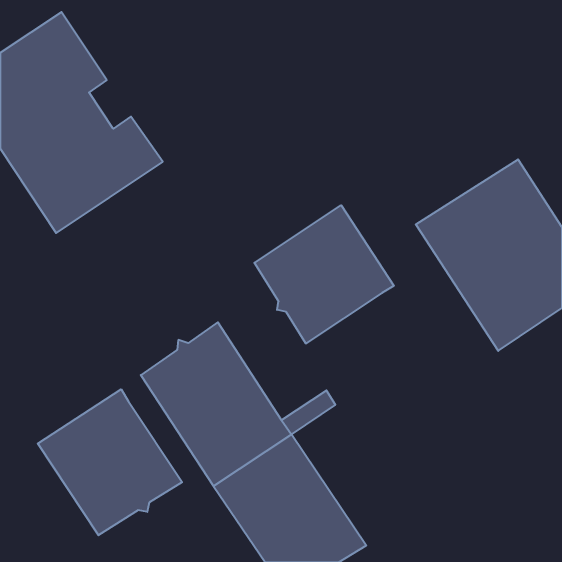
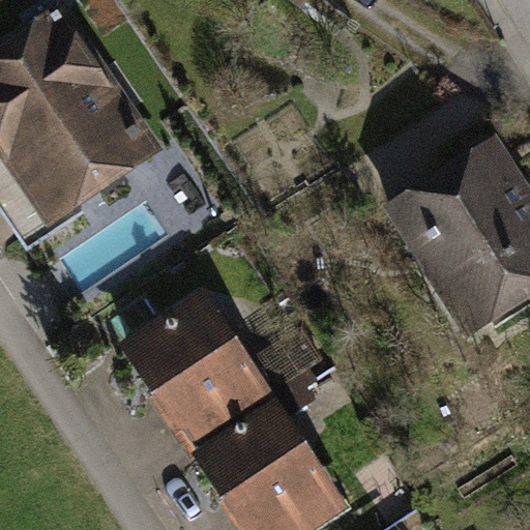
building: [254,205,394,344] -> none
building: [38,389,182,535] -> none

